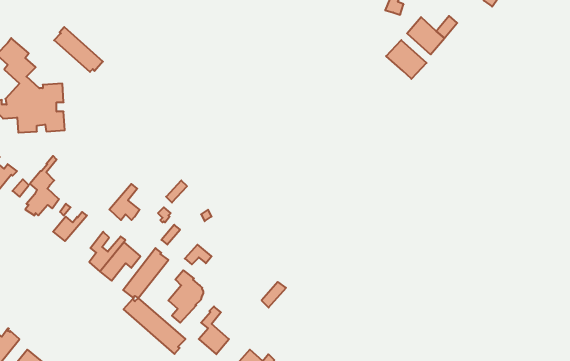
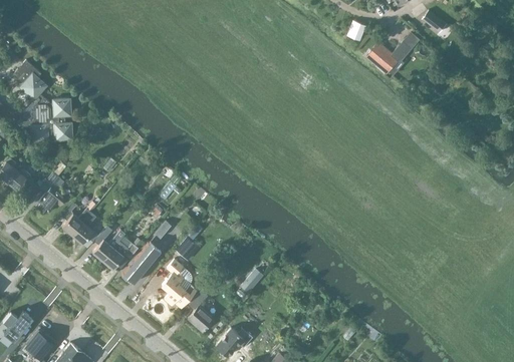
building: [54,27,103,72] -> none
building: [386,40,427,79] -> none
building: [109,184,140,220] -> [72,213,98,244]
building: [124,298,185,354] -> none

